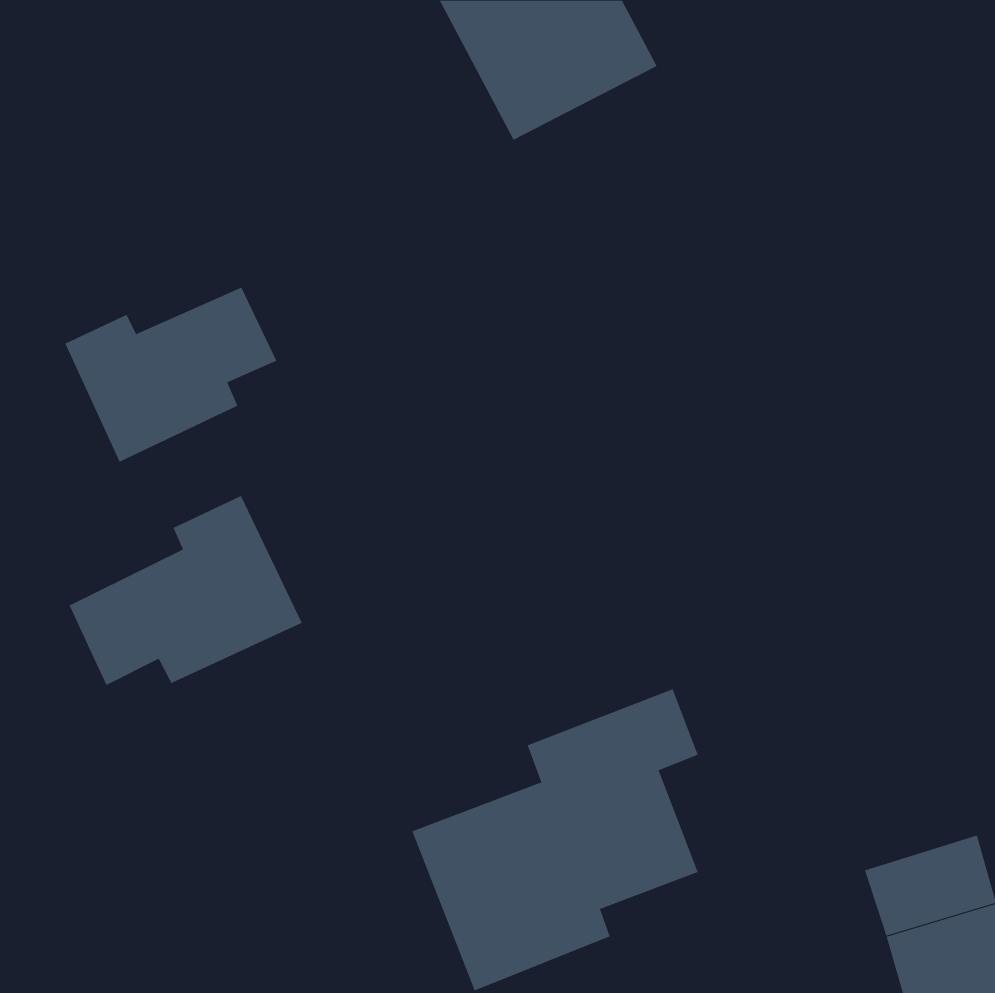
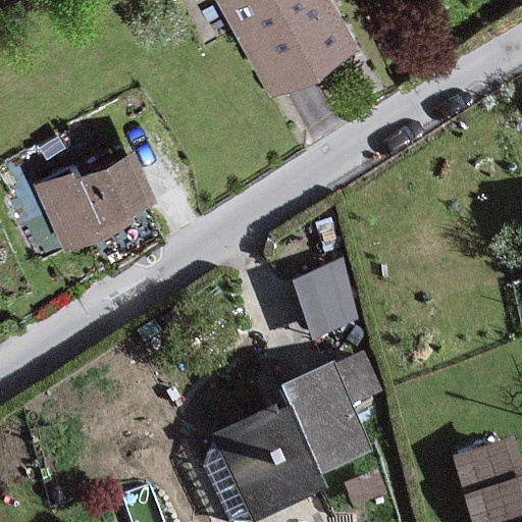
building: [69,495,303,686] -> none
building: none -> [291,262,363,338]

